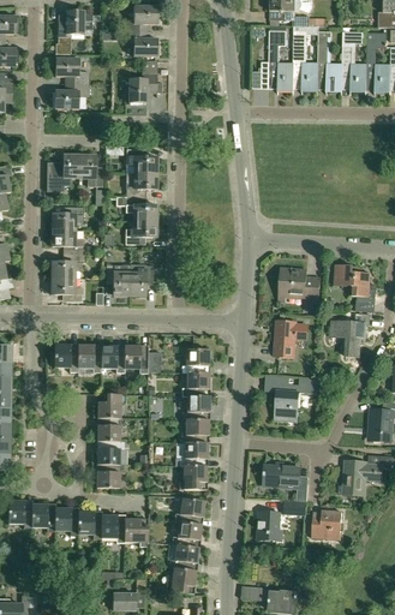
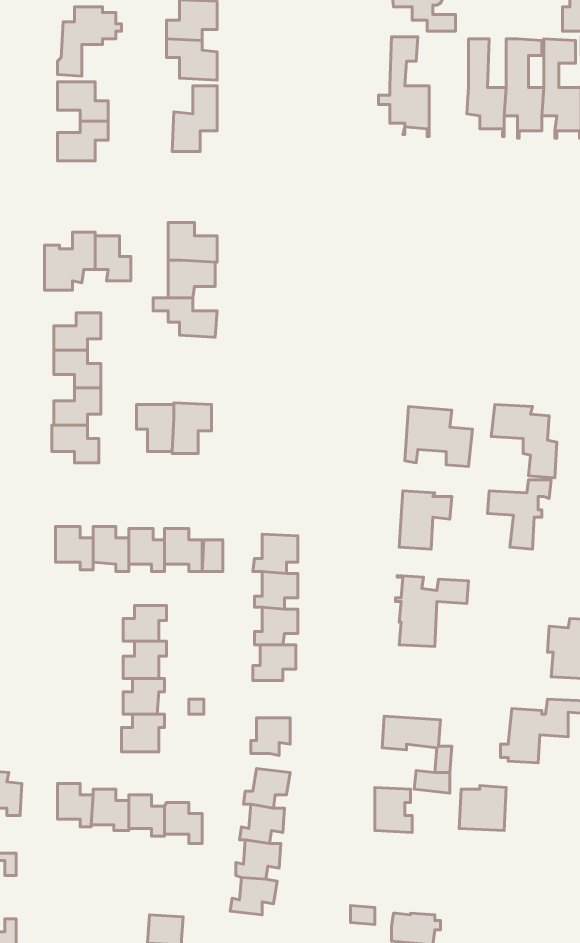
building: [293,30,318,94] -> none
building: [125,221,155,245] -> none
building: [179,442,205,466] -> none
building: [31,504,55,532] -> none

